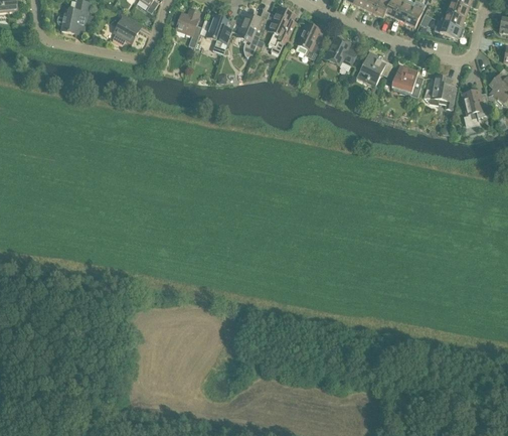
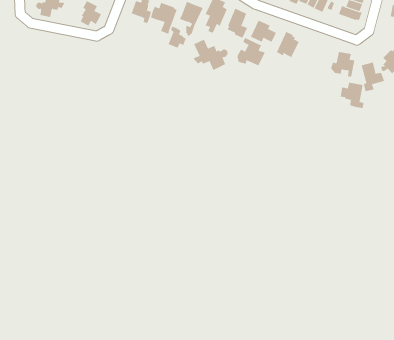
building: none -> [168,26,187,49]
building: none -> [237,37,265,66]
building: none -> [193,39,229,71]
building: [391,64,424,97] -> none
building: none -> [340,82,364,109]

